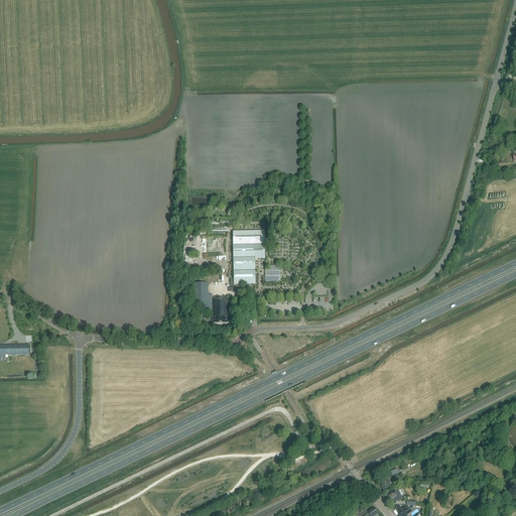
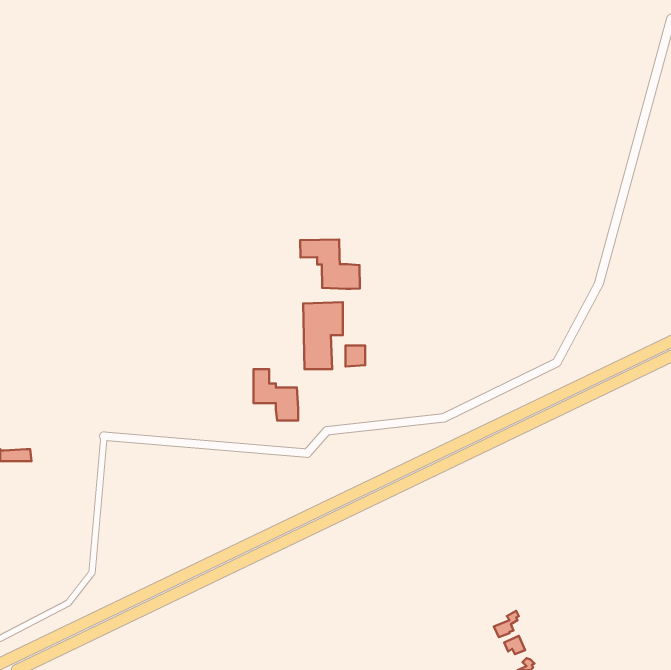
building: none -> [300,239,360,289]

